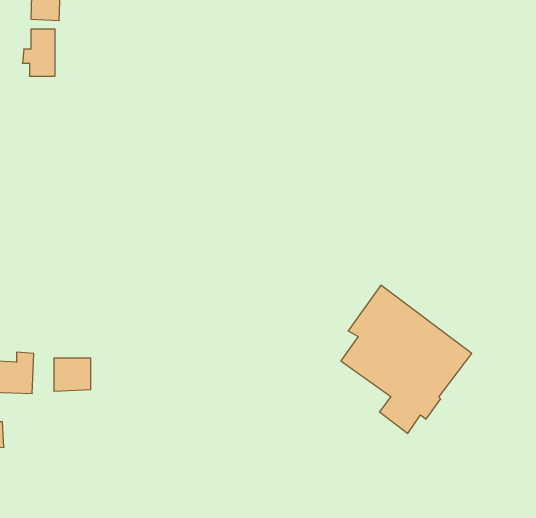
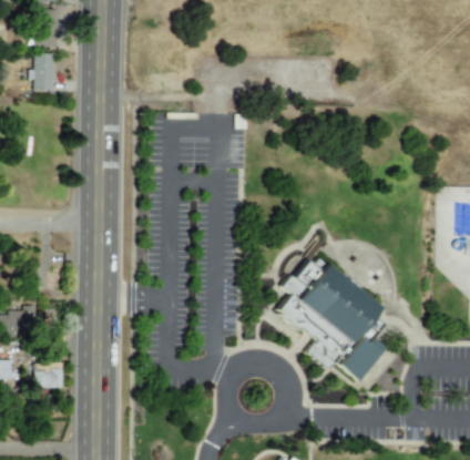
building: [54,358,91,391] -> [35,364,64,389]
building: none -> [337,339,384,382]

